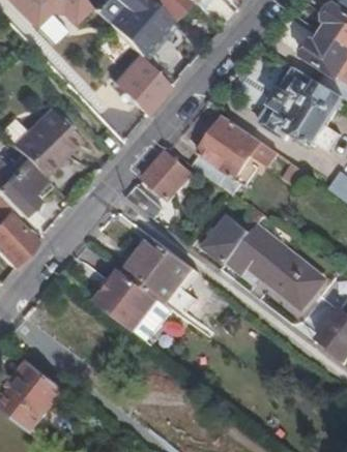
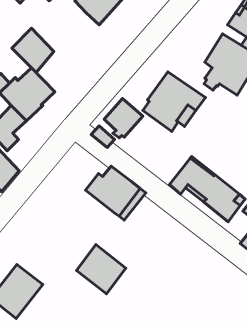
building: [114,57,168,114] -> [12,28,54,72]
building: [204,214,250,262] -> none
building: [94,267,157,330] -> [77,245,126,294]

